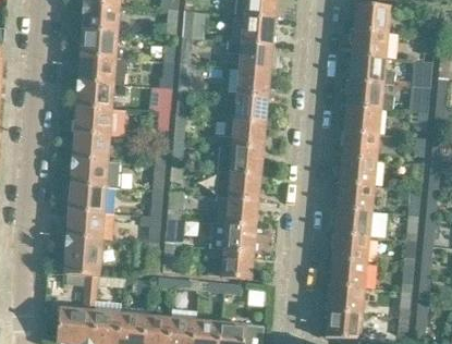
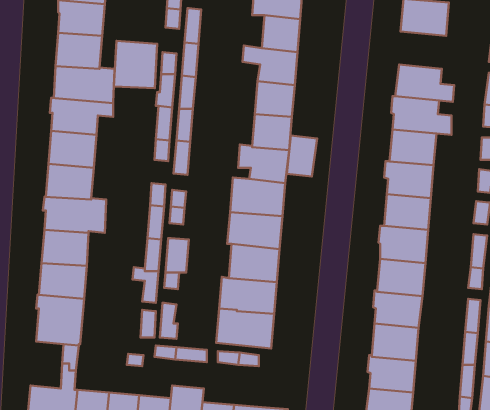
building: [350,27,389,57] -> none
building: none -> [114,41,157,88]
building: none -> [287,135,317,177]

